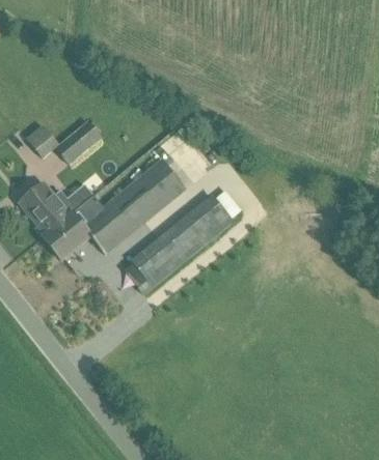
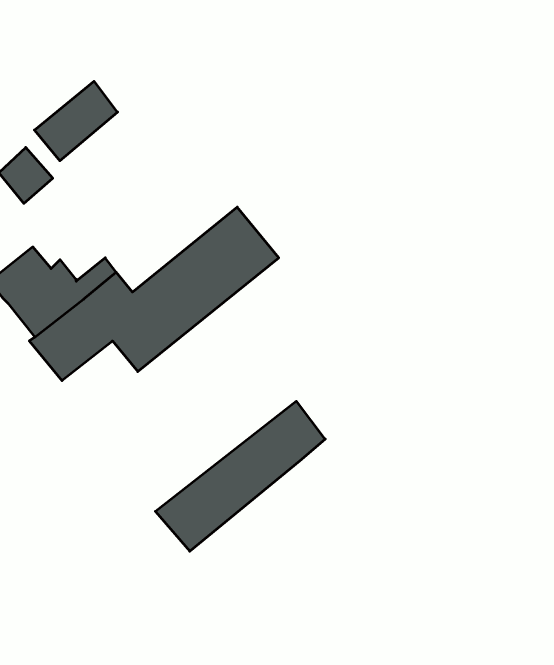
building: [55,119,103,165] -> [34,81,118,161]
building: [131,199,228,285] -> [155,401,325,551]

